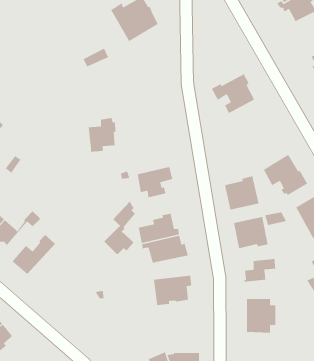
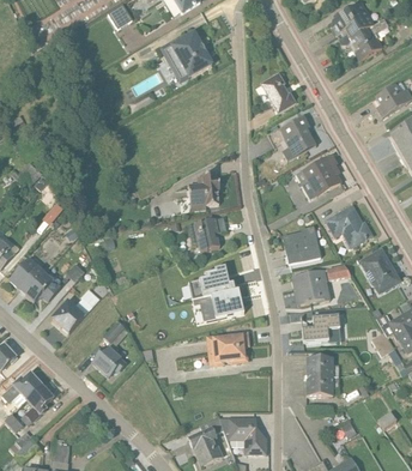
building: none -> [261,72,296,111]
building: none -> [296,151,341,198]
building: [88,117,117,152] -> [189,170,220,209]
building: [104,200,136,255] -> [93,316,128,375]

